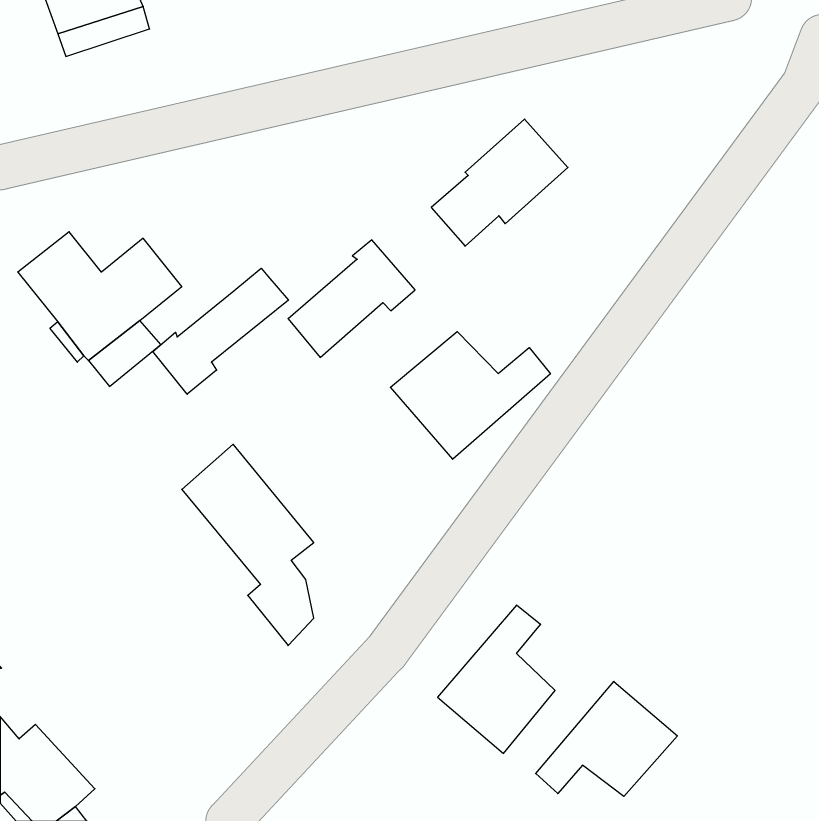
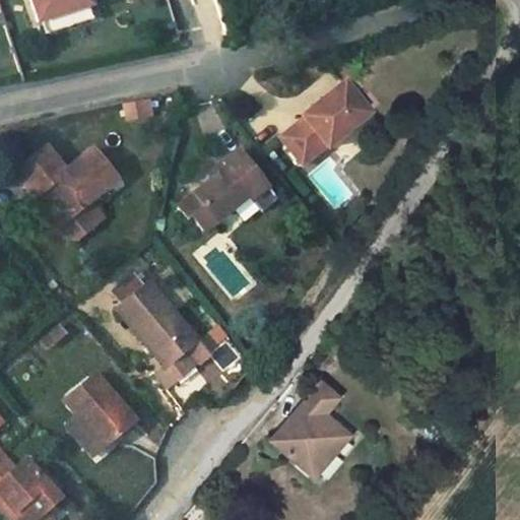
building: [153,268,288,394] -> none
building: [390,332,550,459] -> none
building: none -> [64,373,135,446]
building: [536,681,677,796] -> none

